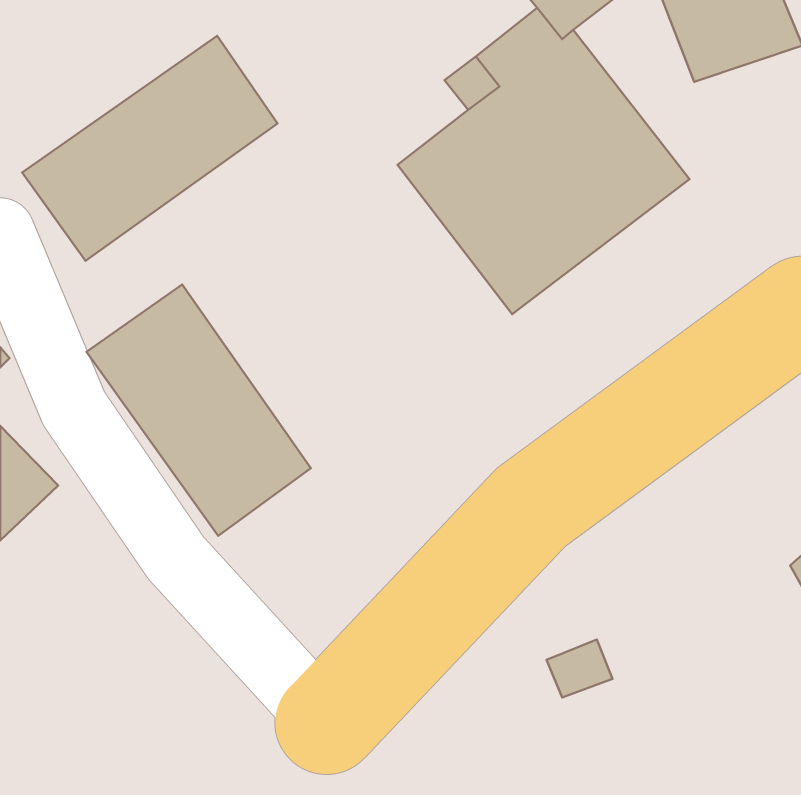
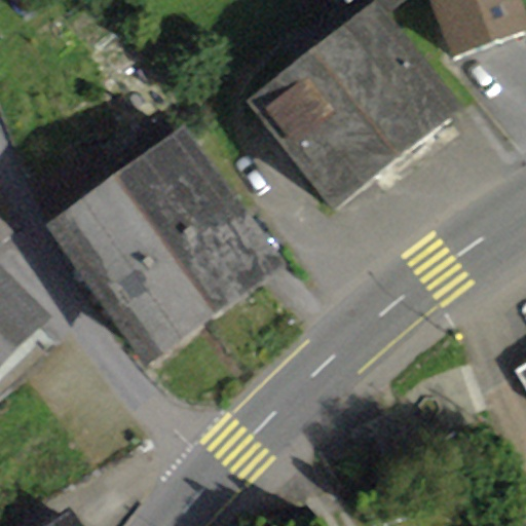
building: [22,36,278,261] -> none
building: none -> [115,119,266,306]

